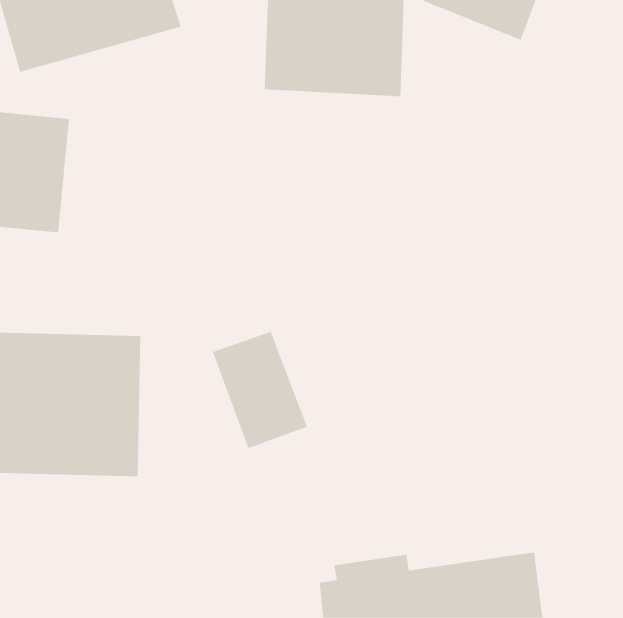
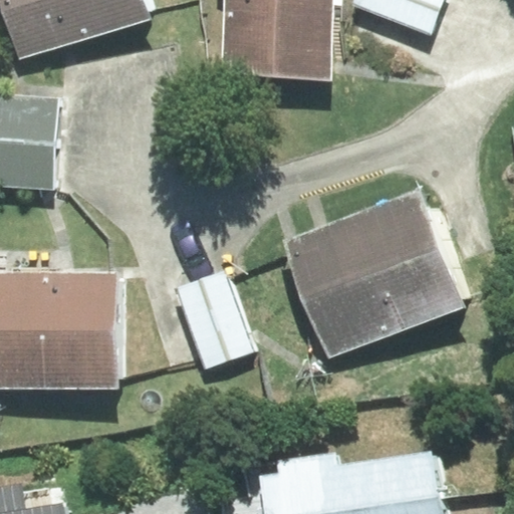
building: none -> [286,194,464,357]

